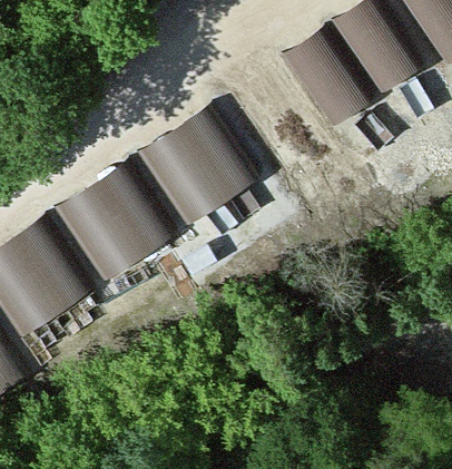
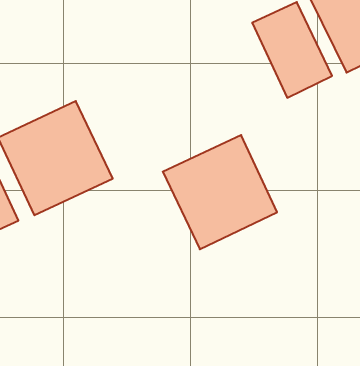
building: [140,110,258,228] -> [163,135,277,249]

